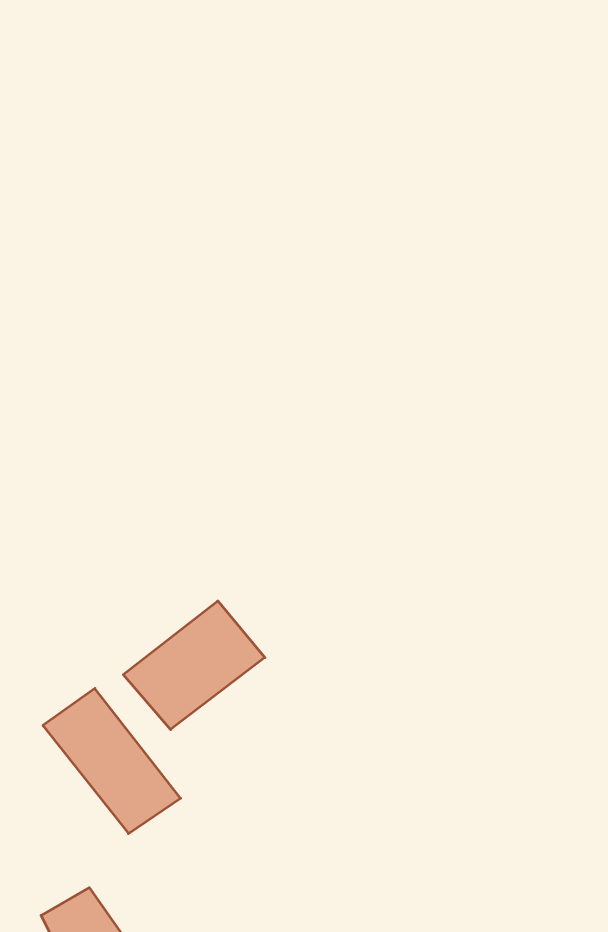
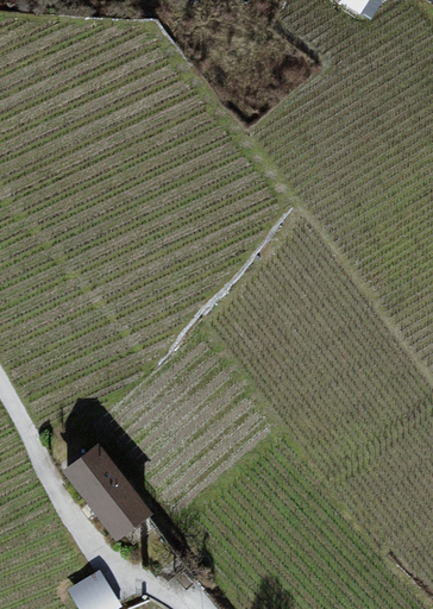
building: [123,601,265,730] -> none

